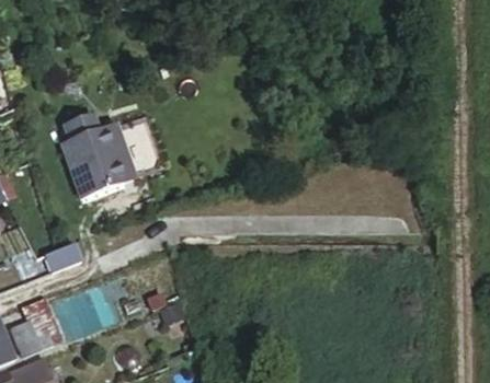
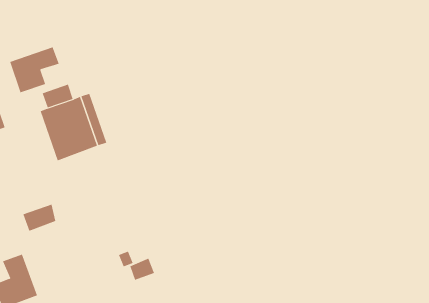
building: none -> [9,47,59,93]

